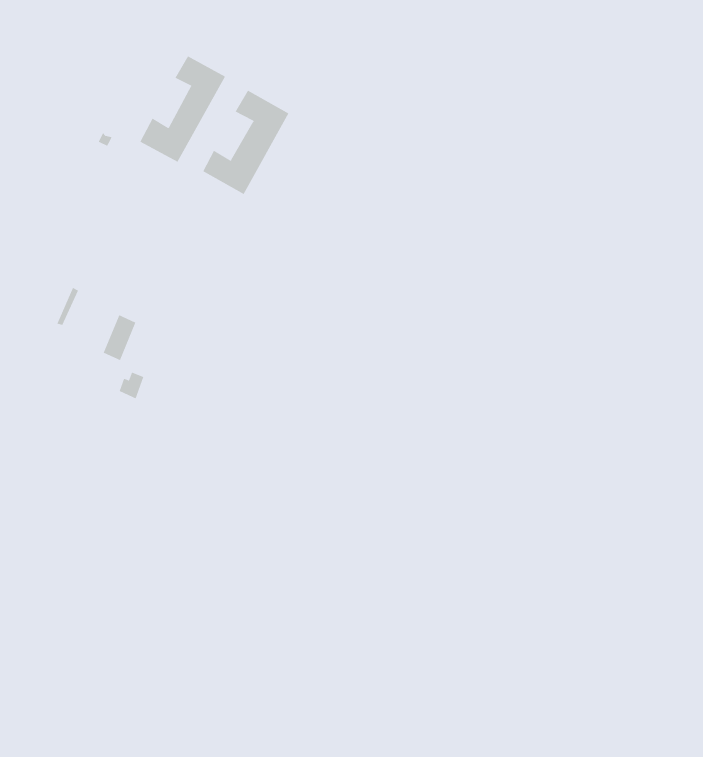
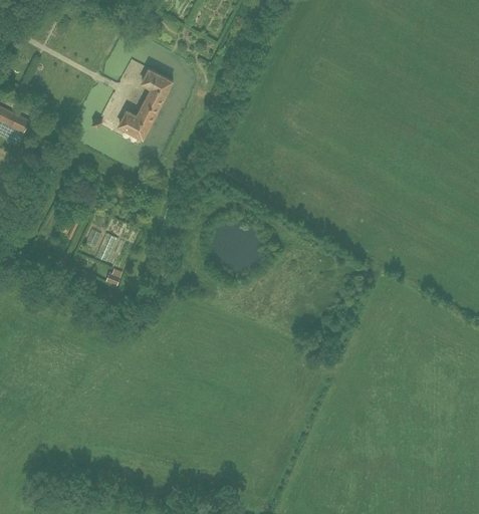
building: [202,90,289,195] -> none

